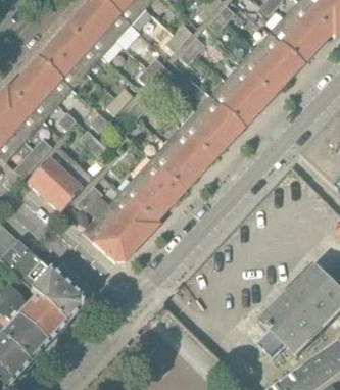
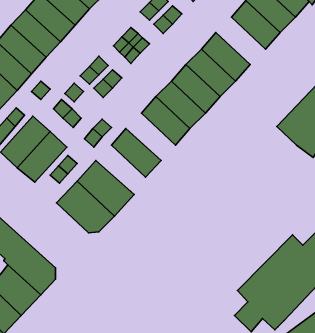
building: [239,48,288,95] -> none
building: [150,143,199,190] -> none
building: [120,175,169,221] -> none

